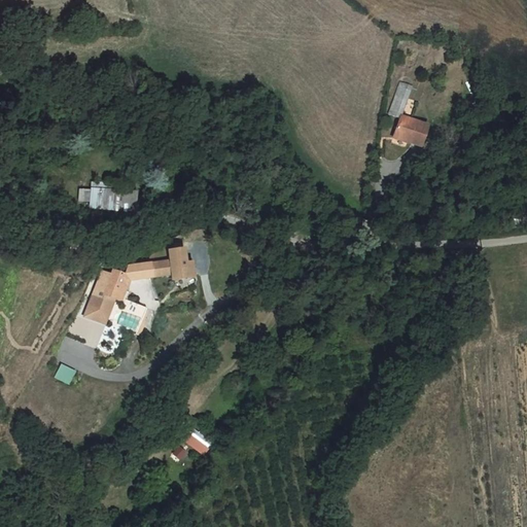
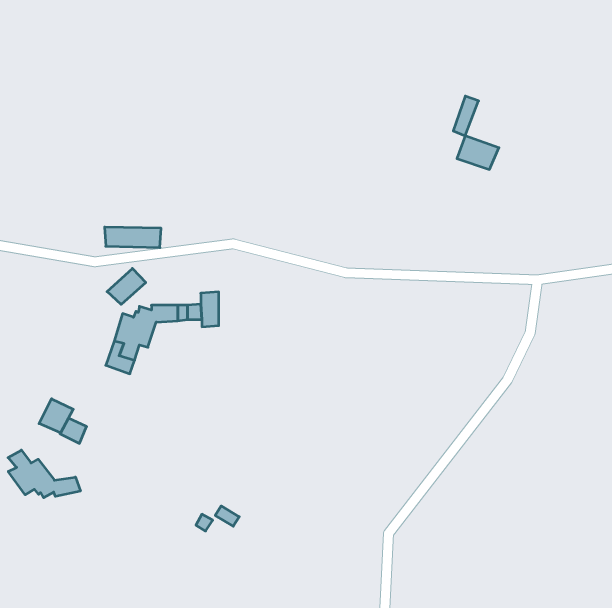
building: none -> [107,268,146,304]
building: none -> [39,399,73,433]
building: none -> [8,450,80,498]

